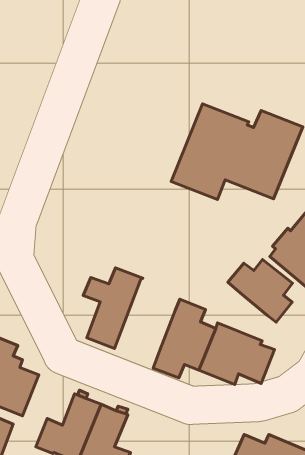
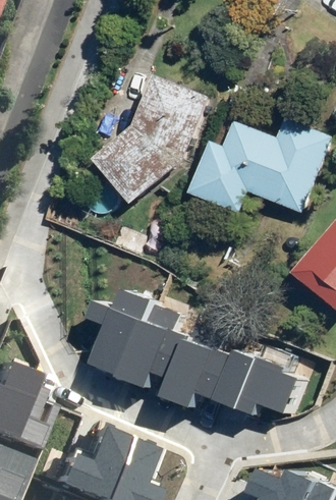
building: none -> [92,75,209,208]
building: [228,259,293,322] -> none
building: none -> [126,301,192,387]

